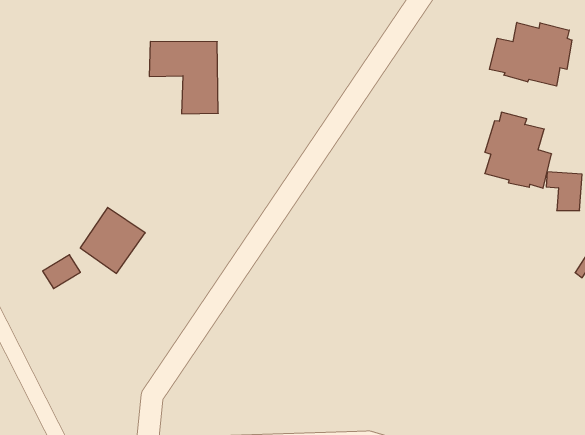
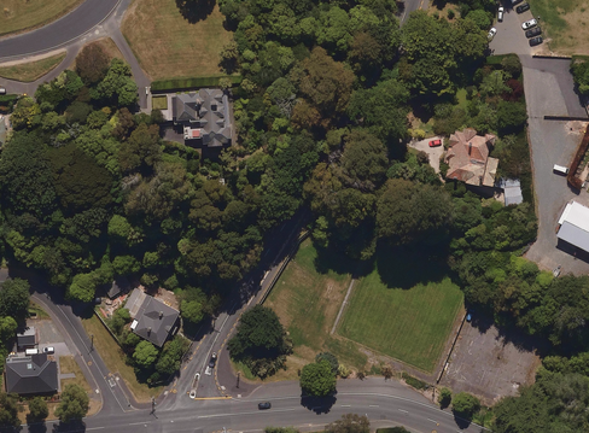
building: [489,22,572,86] -> none
building: [80,207,145,273] -> [130,291,181,343]

